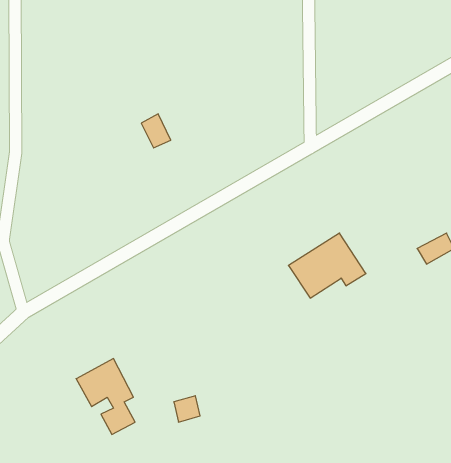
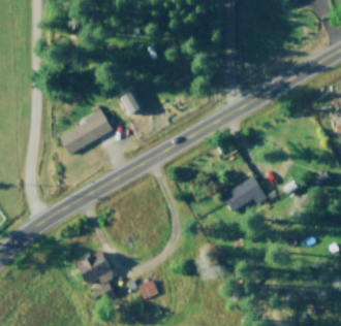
building: none -> [62,104,112,151]

